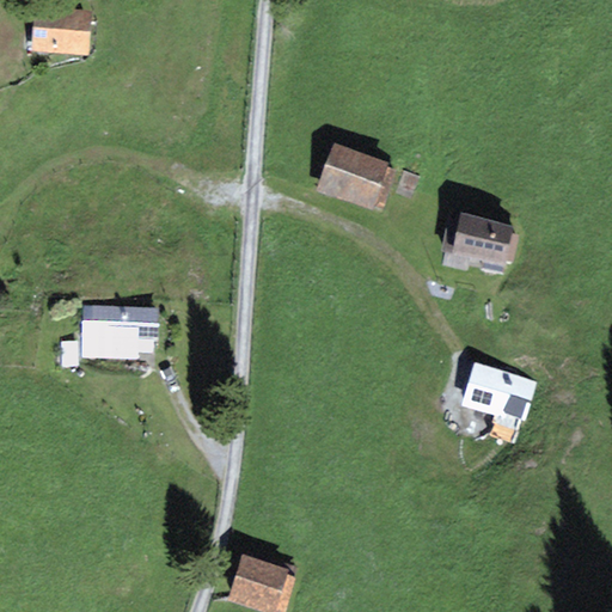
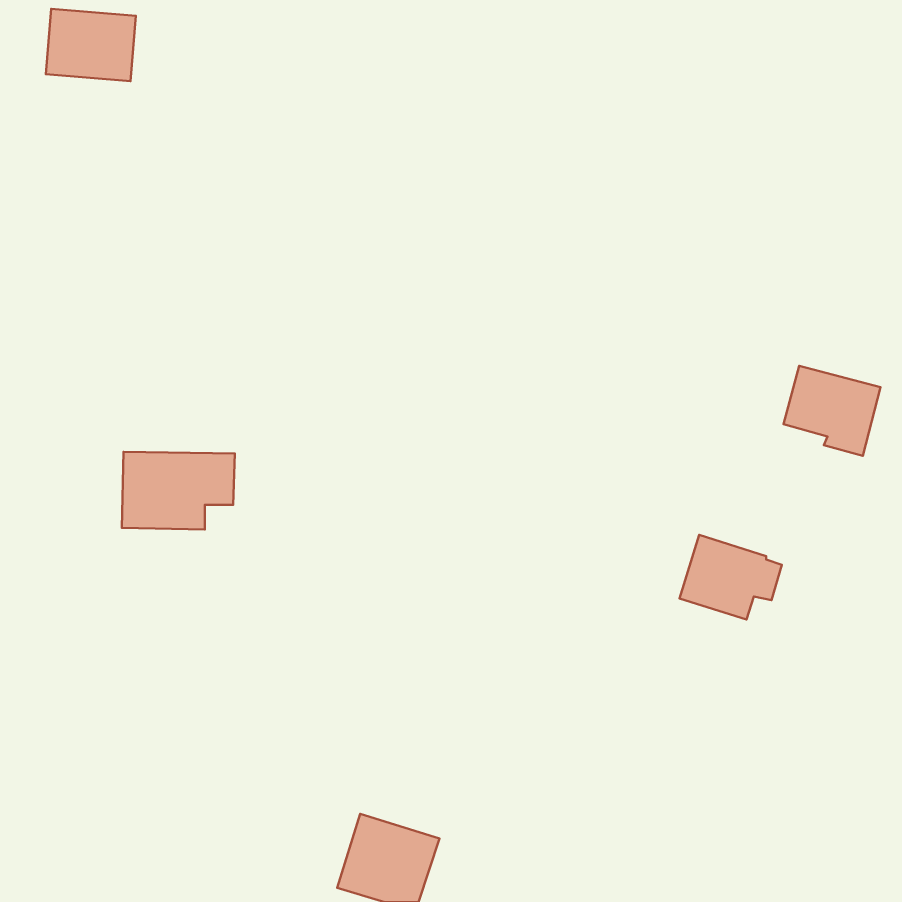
building: [317,143,396,213] -> none
building: [452,214,518,275] -> [783,366,880,456]

